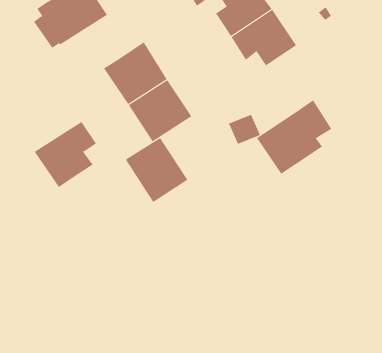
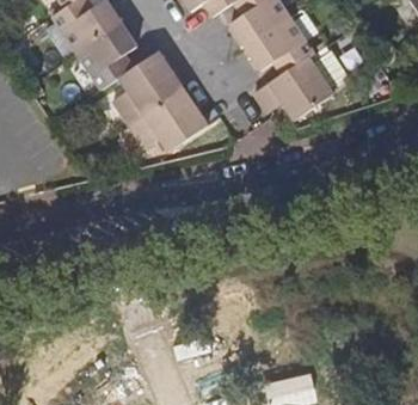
building: [256,100,332,174] -> [268,44,345,121]
building: [34,121,97,188] -> [73,20,137,88]
building: [125,137,188,203] -> none

